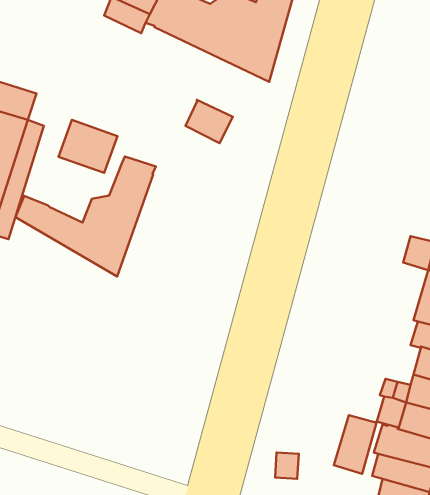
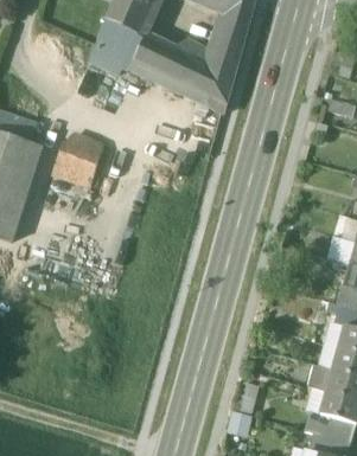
building: [185,100,233,143] -> none
building: [15,156,156,277] -> none
building: [334,415,377,474] -> none

